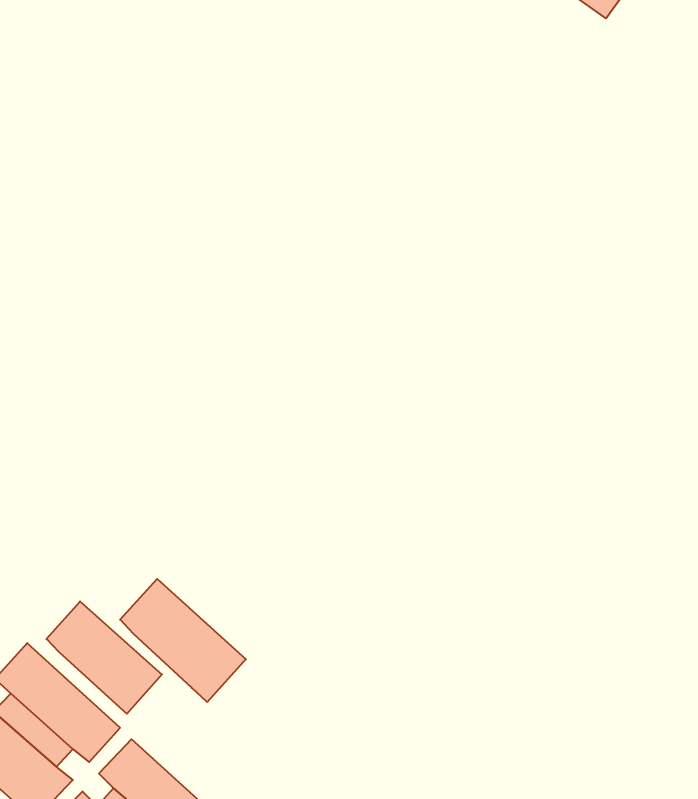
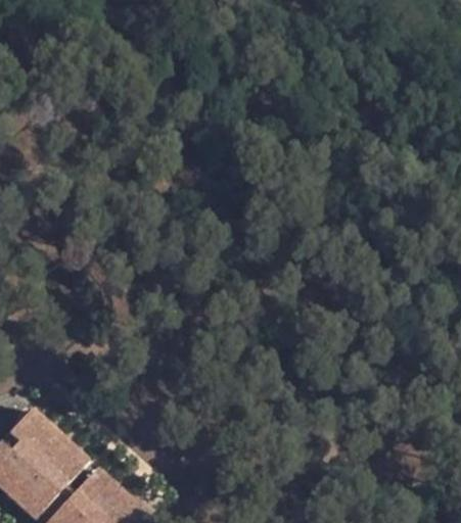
building: [120,579,246,702] -> none
building: [46,601,162,714] -> none

